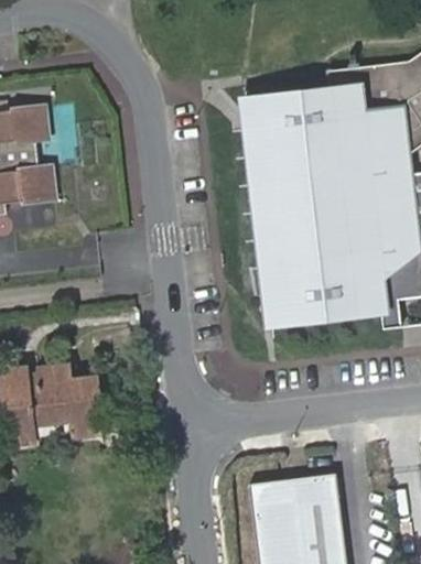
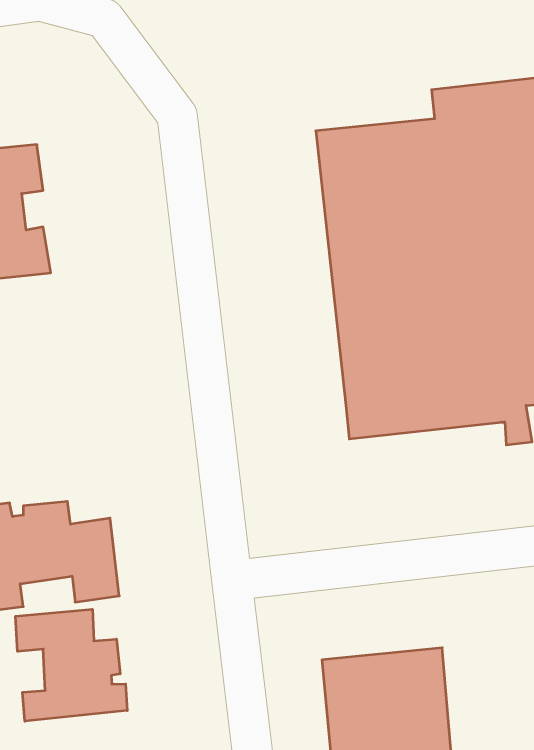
building: none -> [16,609,127,721]

